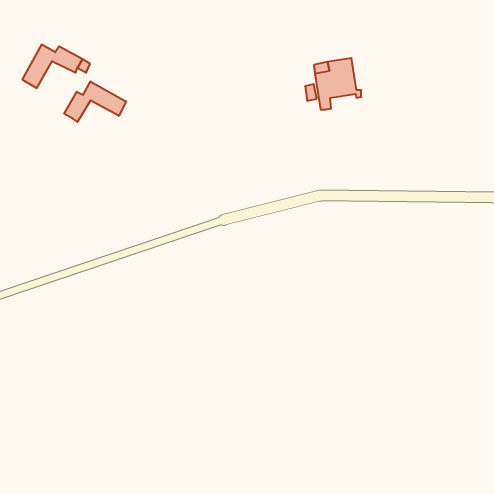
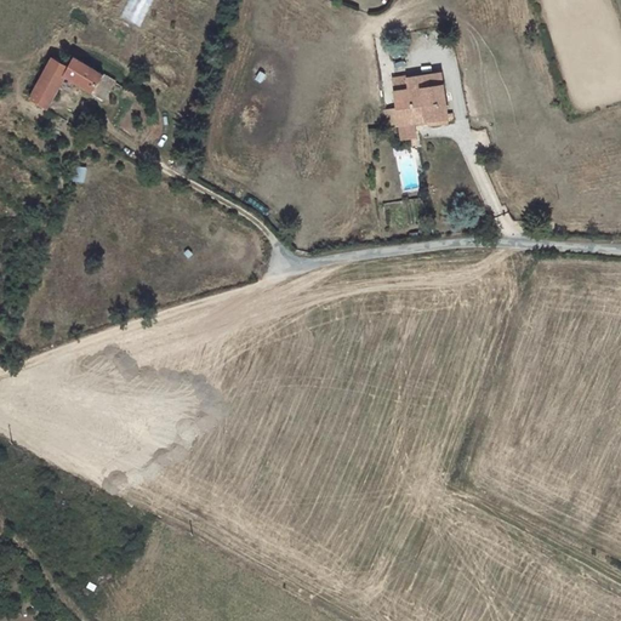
building: [64,81,126,122] -> none

